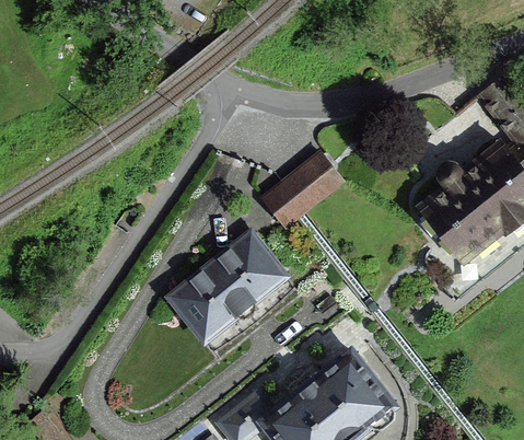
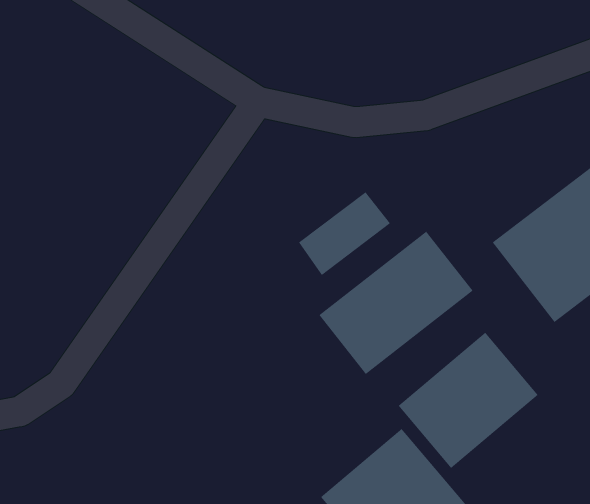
building: [165,231,288,345] -> [318,231,473,375]
building: none -> [398,332,538,469]

